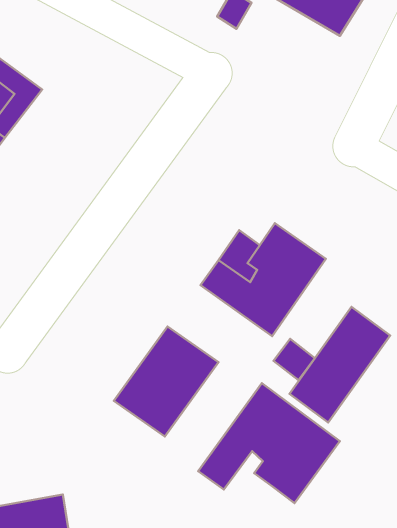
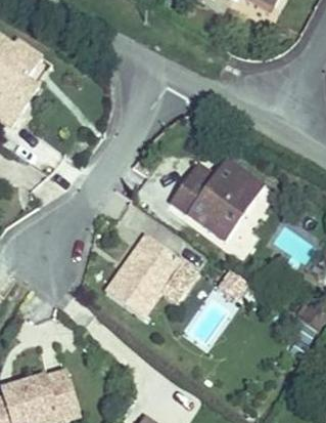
building: [290,307,390,422] -> none
building: [198,383,340,503] -> none

